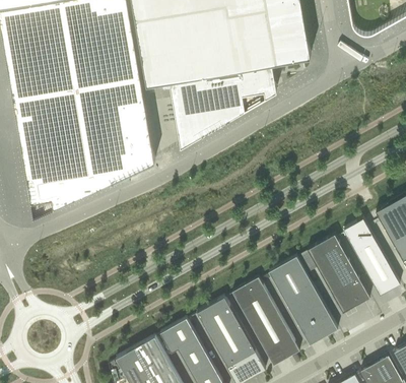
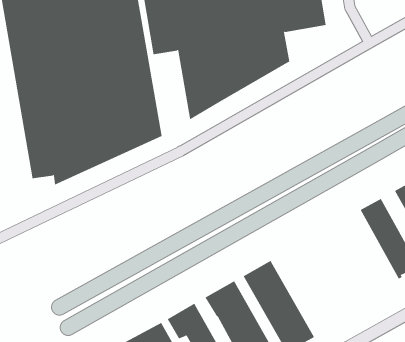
building: [307,235,369,313] -> none
building: [268,256,337,345] -> none

